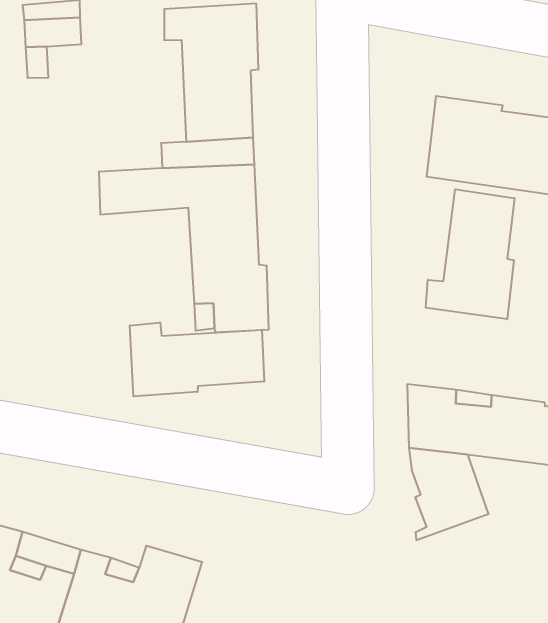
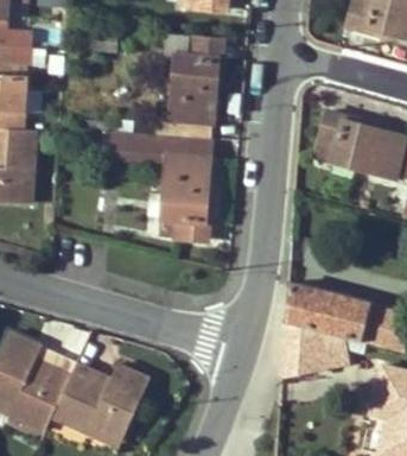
building: [426,189,515,319] -> none
building: [130,322,264,396] -> none

